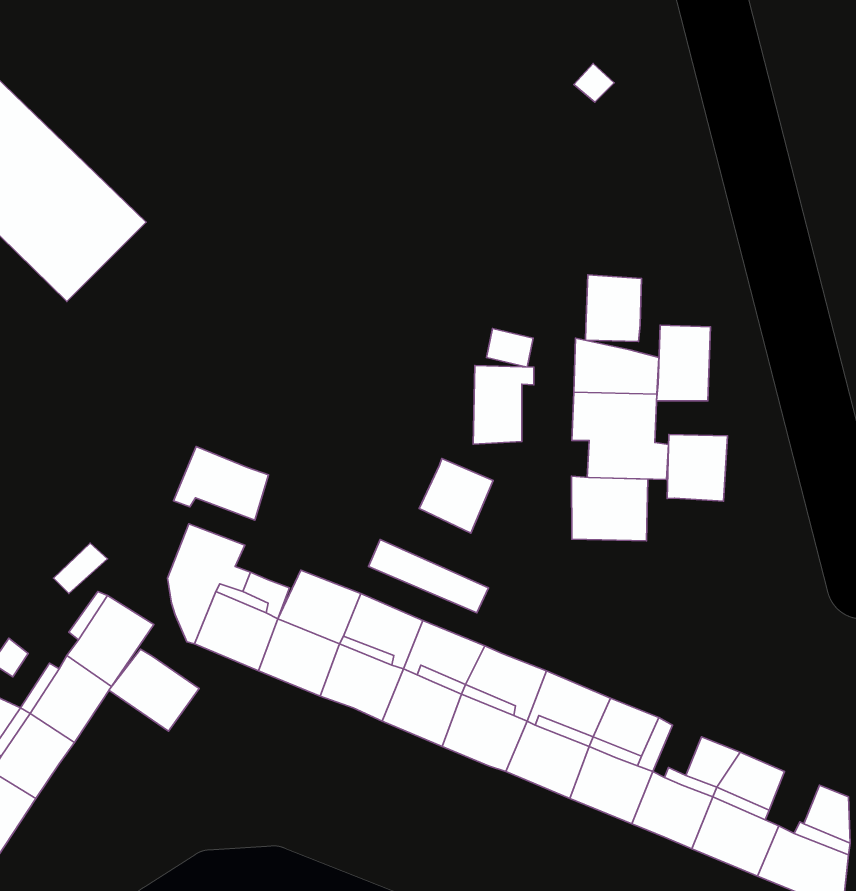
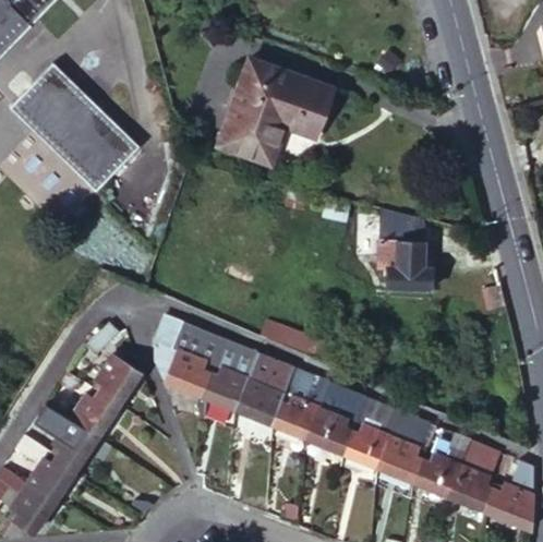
building: none -> [222,61,335,165]
building: [586,275,641,341] -> none
building: [657,325,710,401] -> none
building: [473,366,534,444] -> none
building: [667,435,727,501] -> none
building: [174,447,268,520] -> none
building: [419,459,493,533] -> none
building: [572,476,648,541] -> none
building: [109,649,199,731] -> none

